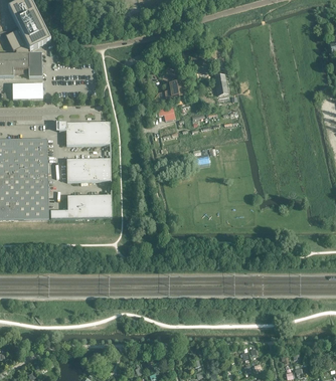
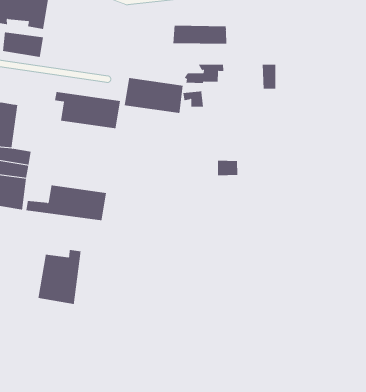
building: none -> [173,25,227,45]
building: [31,138,47,172] -> none
building: [66,158,111,181] -> [124,78,183,114]
building: none -> [38,249,81,305]

